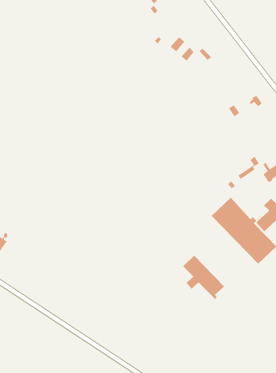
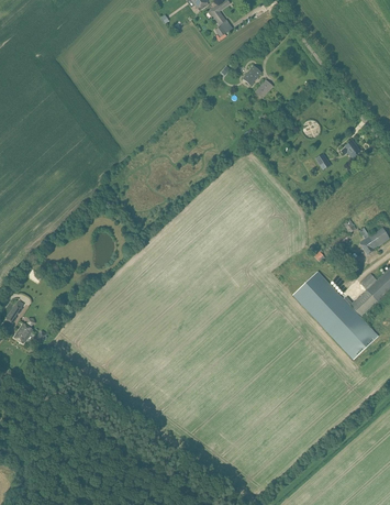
building: [183,255,225,300] -> none

